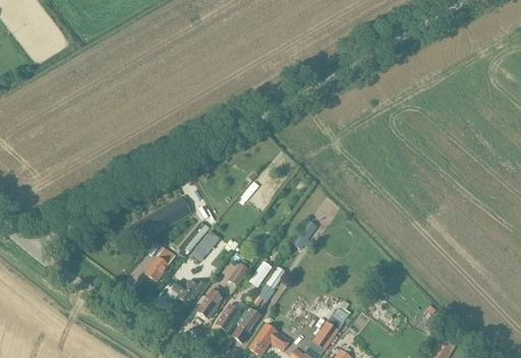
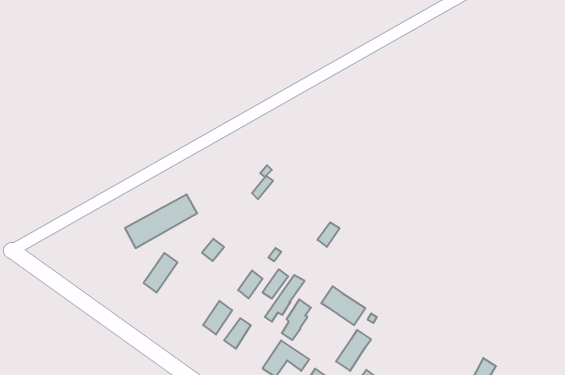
building: none -> [321,286,365,325]
building: [171,279,210,304] -> none
building: [233,306,258,342] -> [282,299,311,340]

